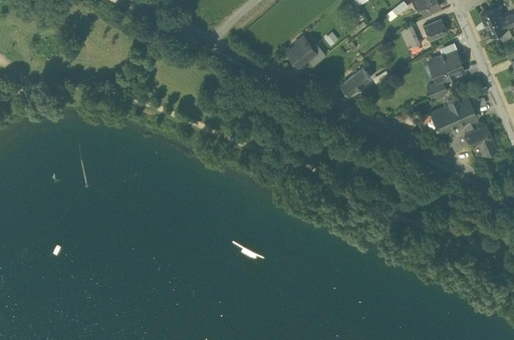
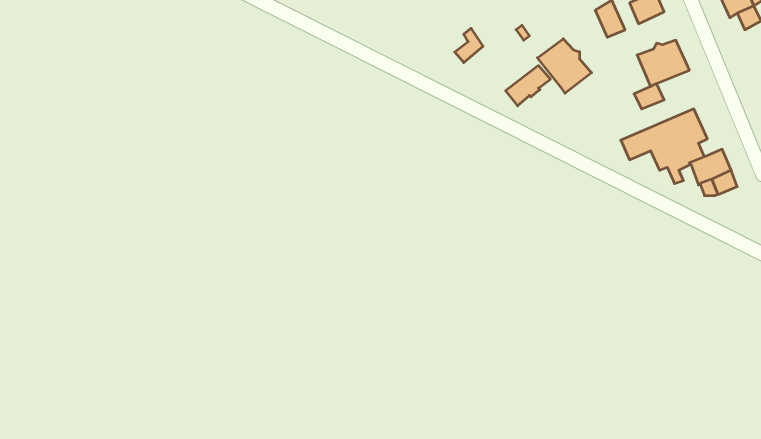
building: [287,39,315,65] -> none
building: none -> [537,39,592,93]

